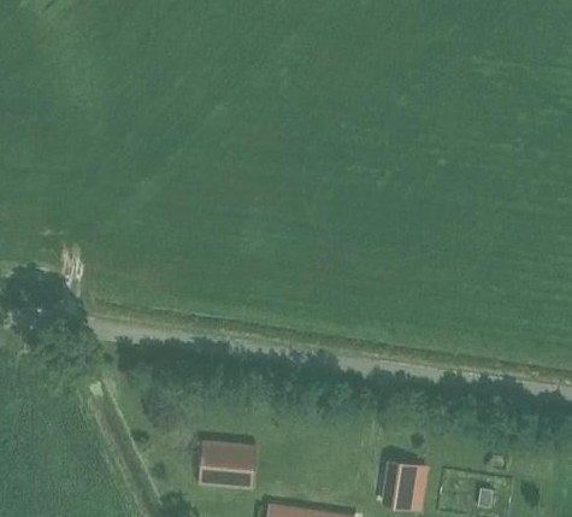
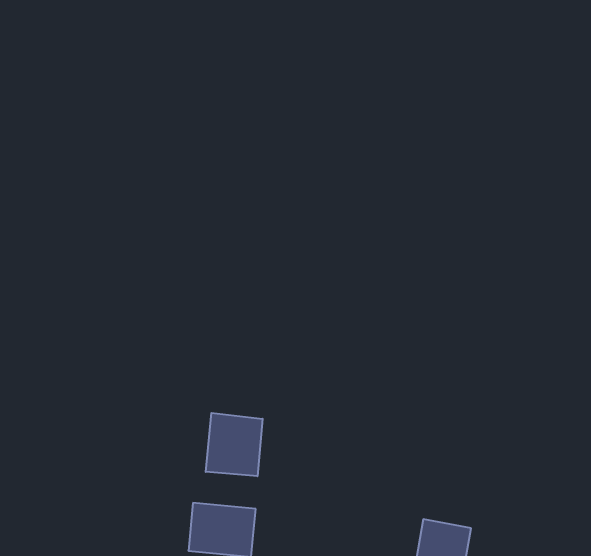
building: none -> [206,413,263,476]

